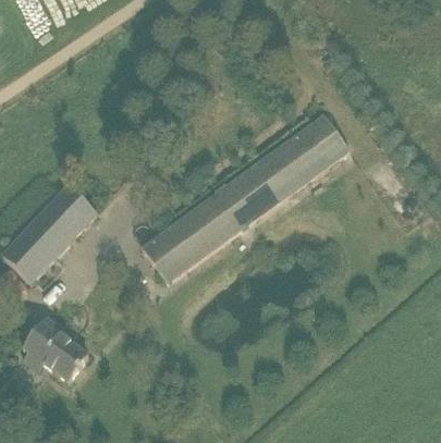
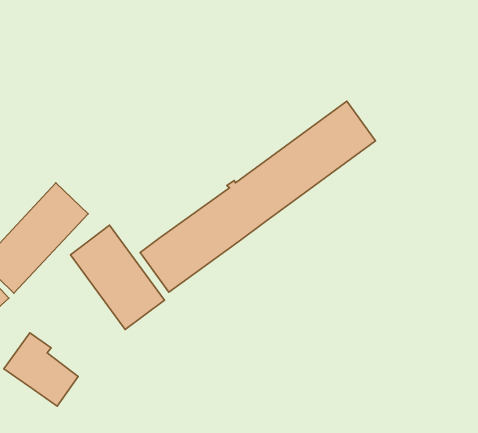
building: none -> [70,225,164,329]

